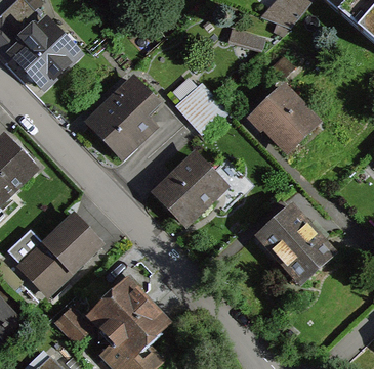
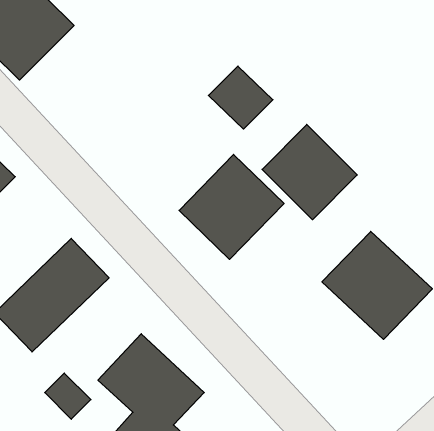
building: [87,77,167,157] -> none
building: [252,85,322,154] -> [262,124,357,220]

